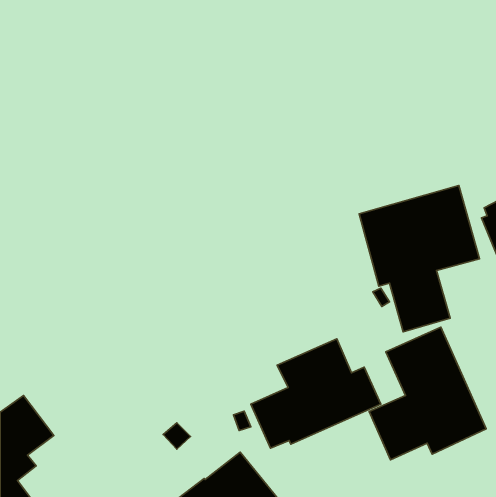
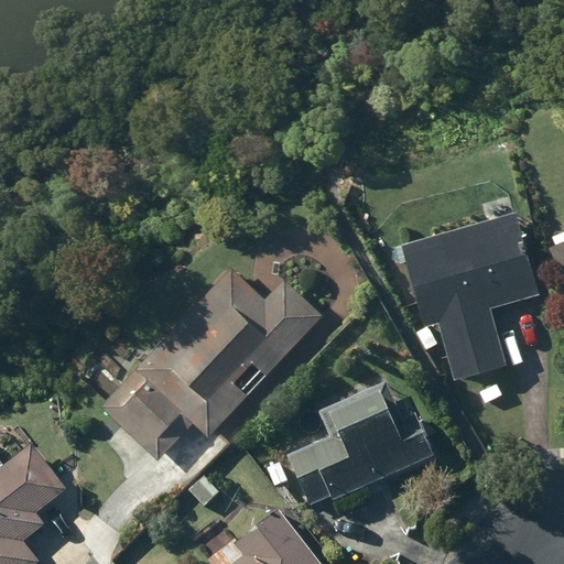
building: none -> [97,267,321,459]
building: [369,327,486,460] -> none

